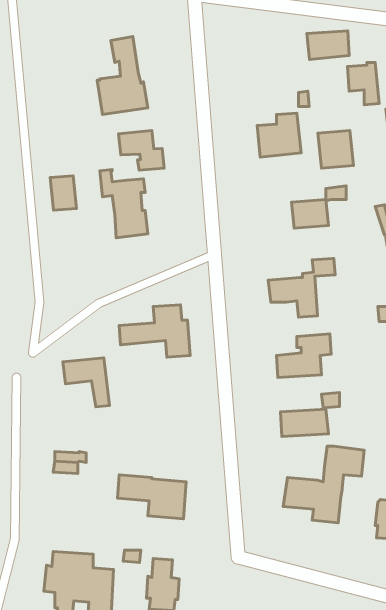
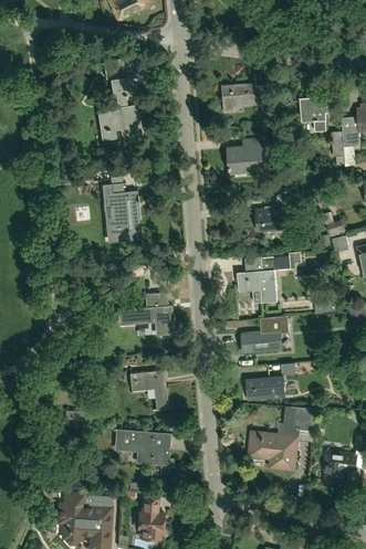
building: [307,31,349,60] -> [222,83,257,106]
building: [119,130,164,170] -> none
building: [318,131,353,168] -> none
building: [50,176,77,210] -> none
building: [63,358,109,407] -> [129,370,167,410]

